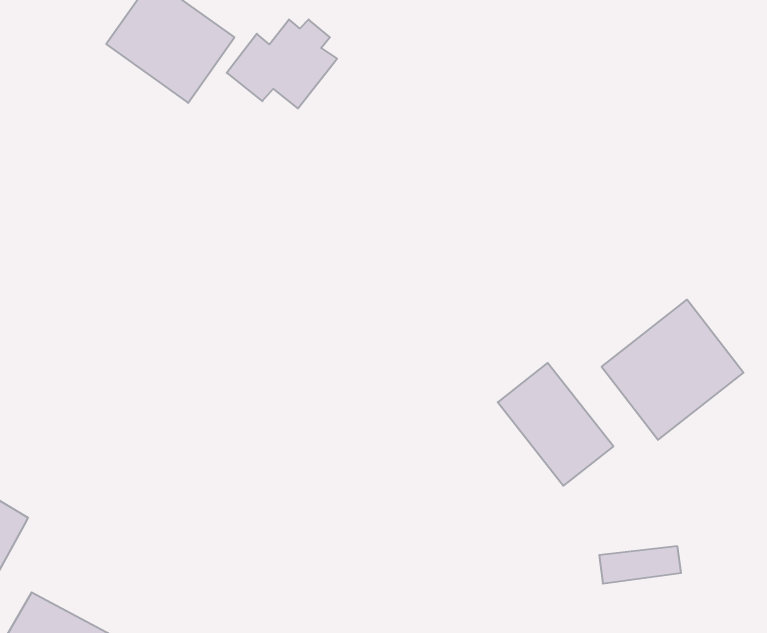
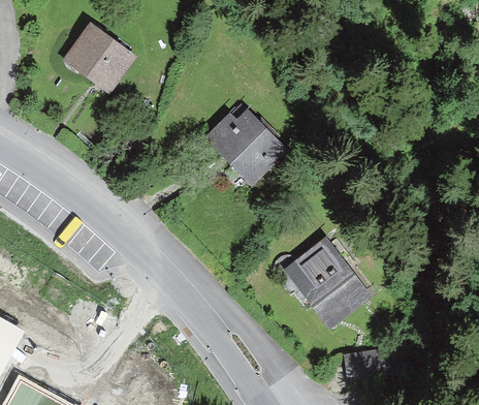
building: [227,19,337,108] -> [210,119,274,170]
building: [602,300,743,440] -> none

